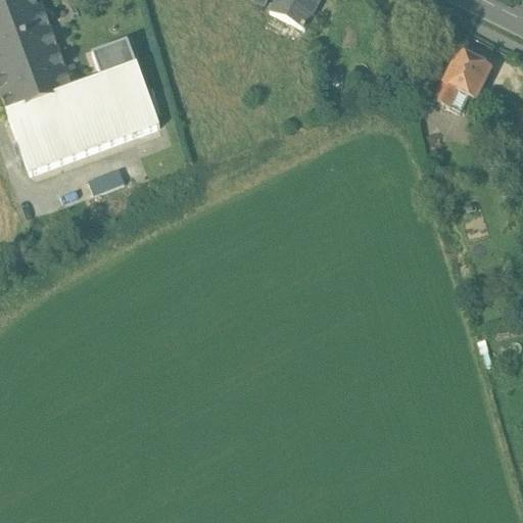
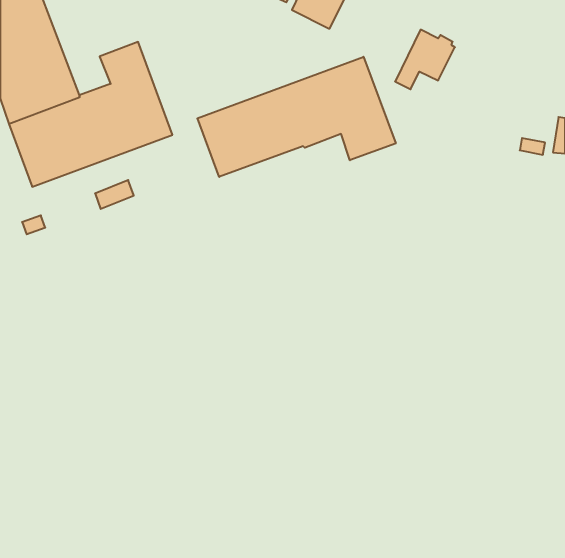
building: [435,49,490,104] -> [395,30,455,89]
building: none -> [197,57,396,177]

